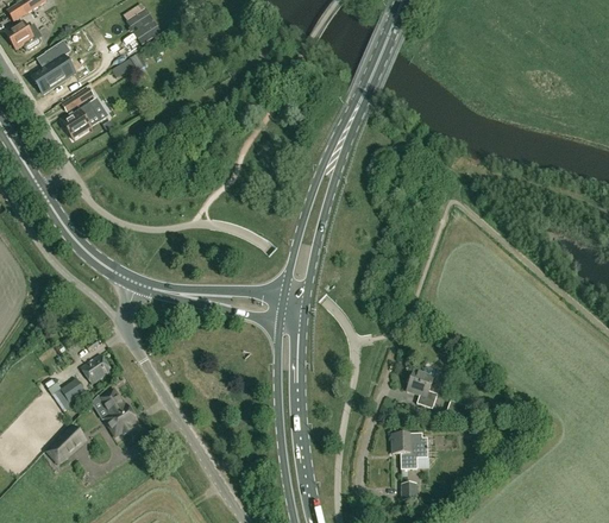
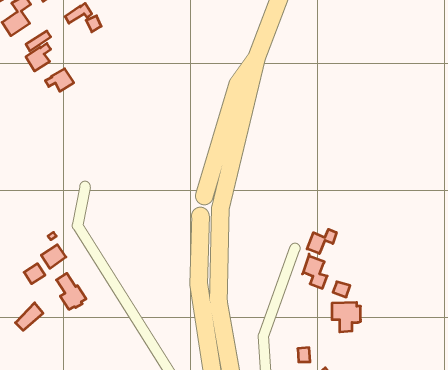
building: none -> [45,69,74,91]
building: none -> [307,229,336,254]
building: [391,431,427,468] -> [332,302,361,332]

